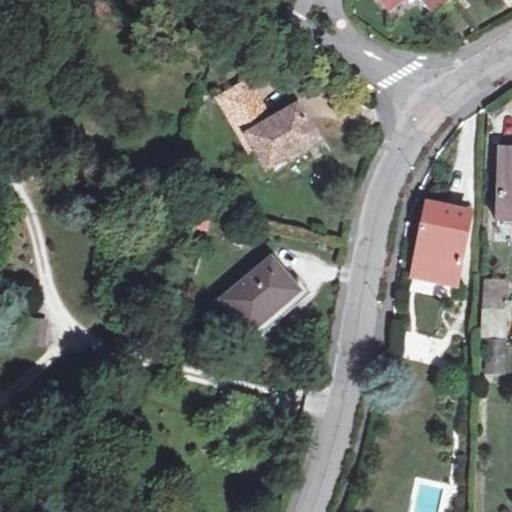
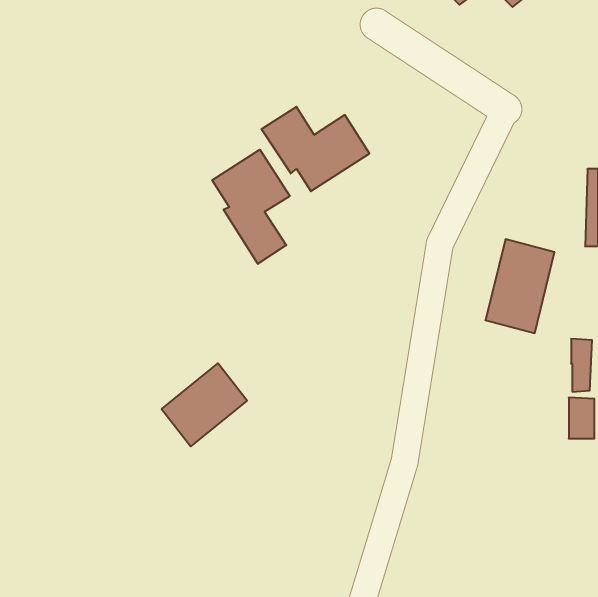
building: none -> [212,150,290,264]
building: [224,258,297,329] -> [162,363,247,446]

